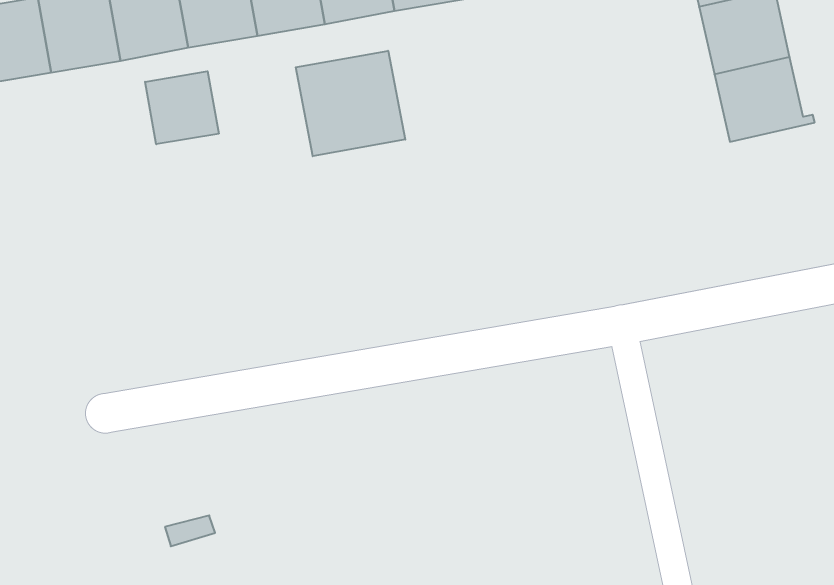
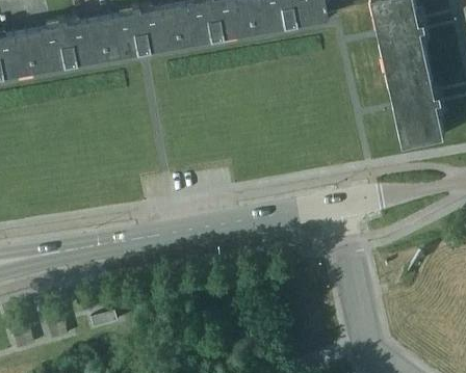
building: [296,51,405,156] -> none
building: [145,71,219,144] -> none
building: none -> [395,100,444,146]

